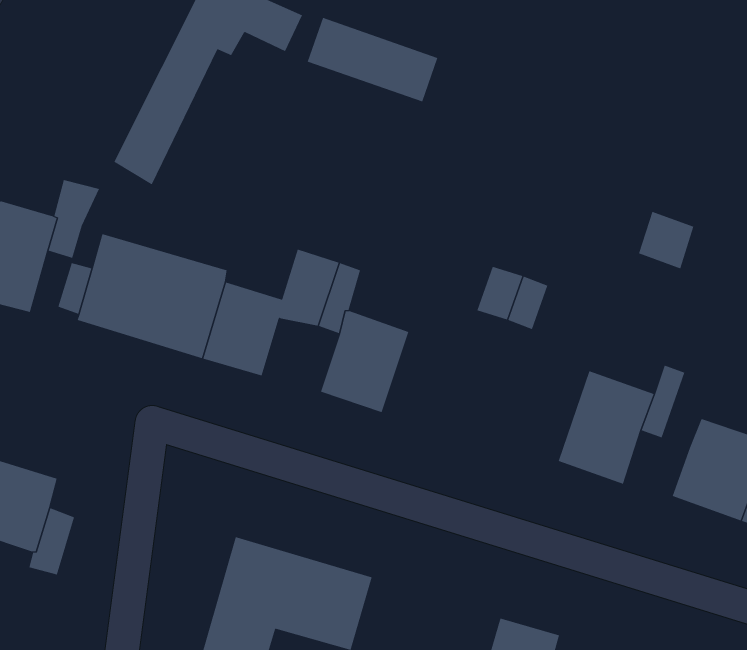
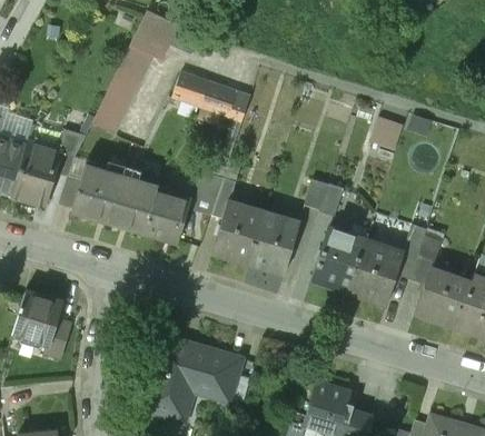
building: [307,17,438,102] -> [174,72,249,121]
building: [638,211,694,269] -> [370,116,403,149]
building: none -> [248,210,300,274]
building: none -> [313,227,367,291]
building: none -> [409,240,439,284]

